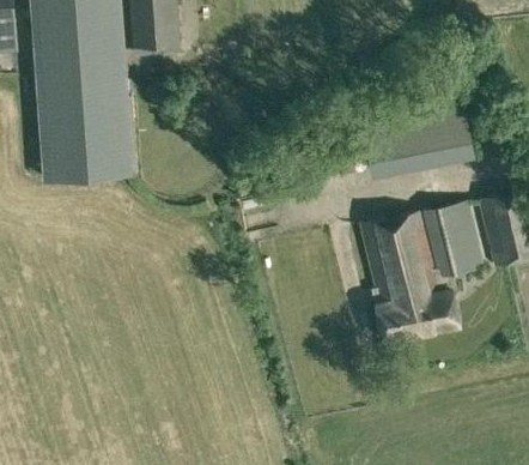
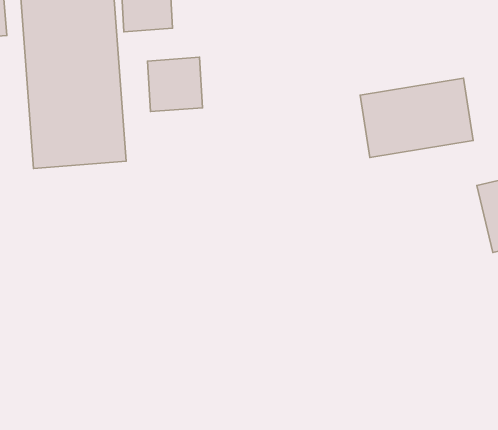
building: none -> [147,57,203,112]
building: [359,203,484,346] -> none

